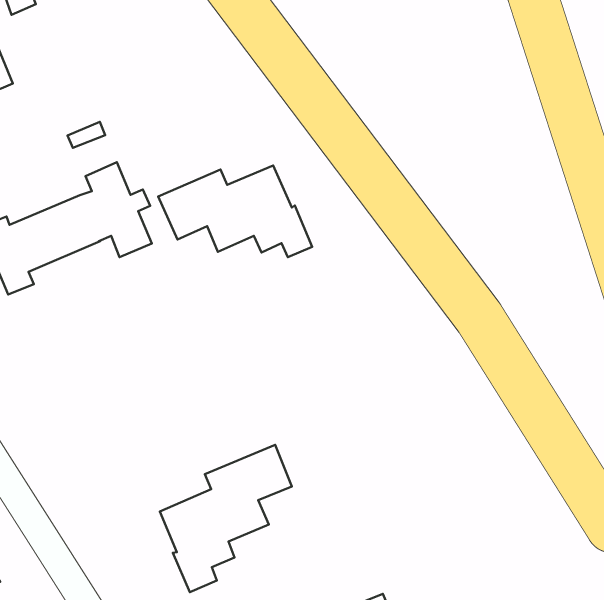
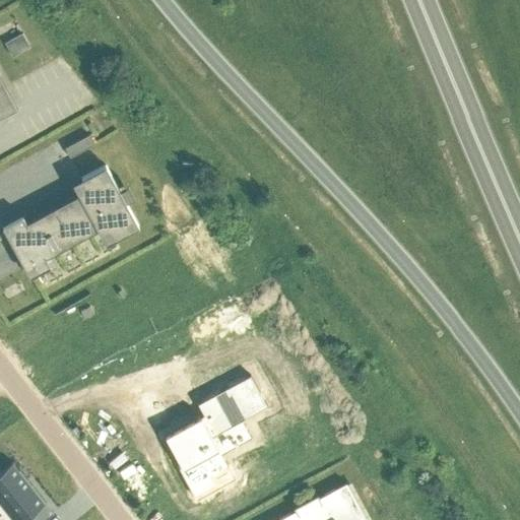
building: [158,166,312,257] -> none

